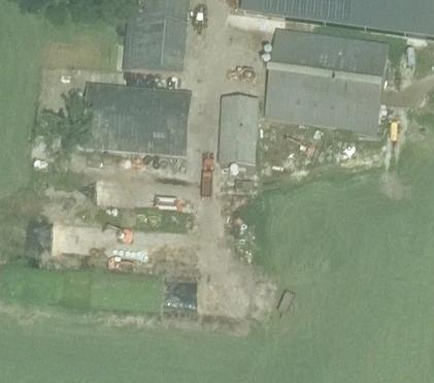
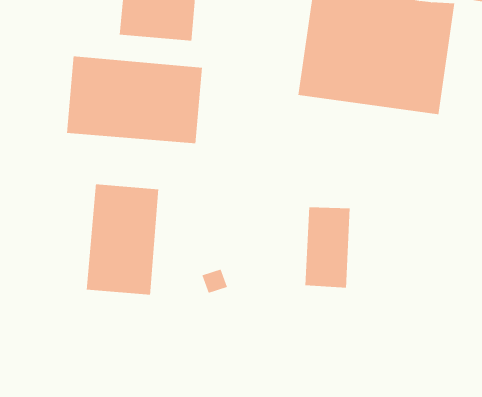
building: [220,95,256,159] -> [305,207,351,288]
building: none -> [86,184,159,296]

